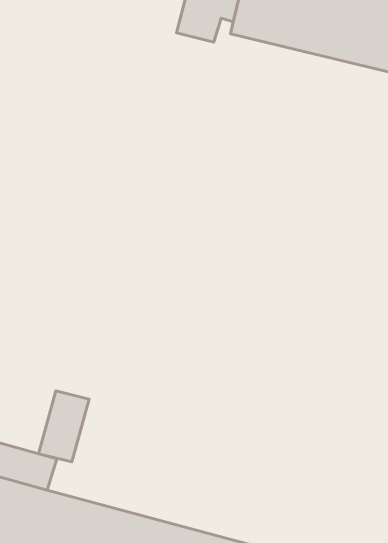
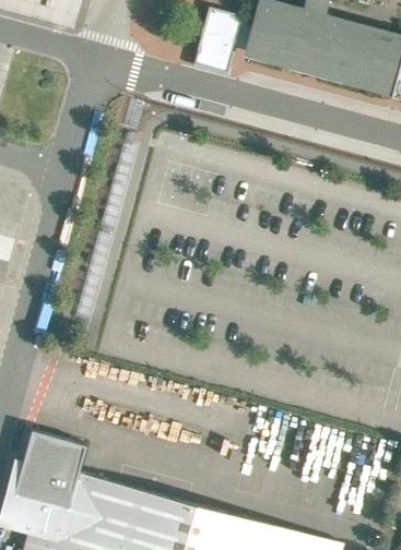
building: [39,391,89,462] -> none

